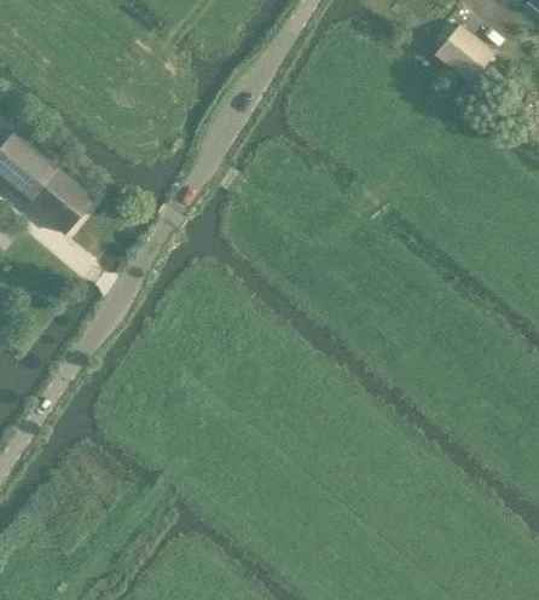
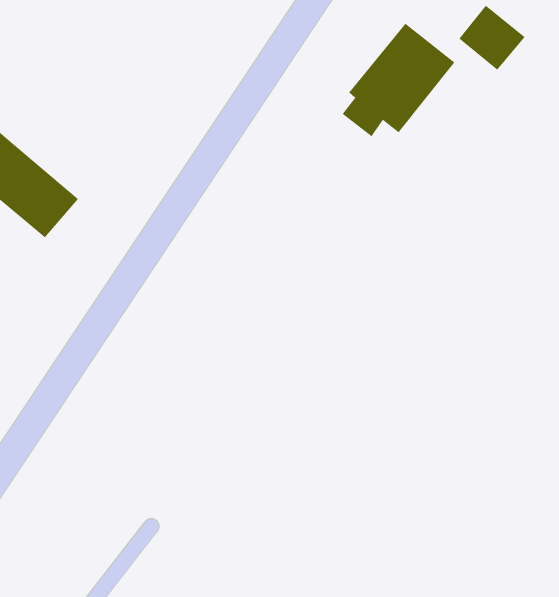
building: none -> [342,23,455,137]

